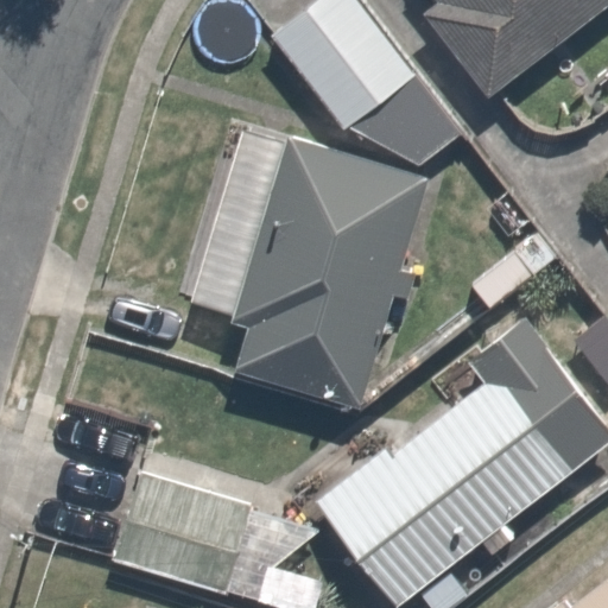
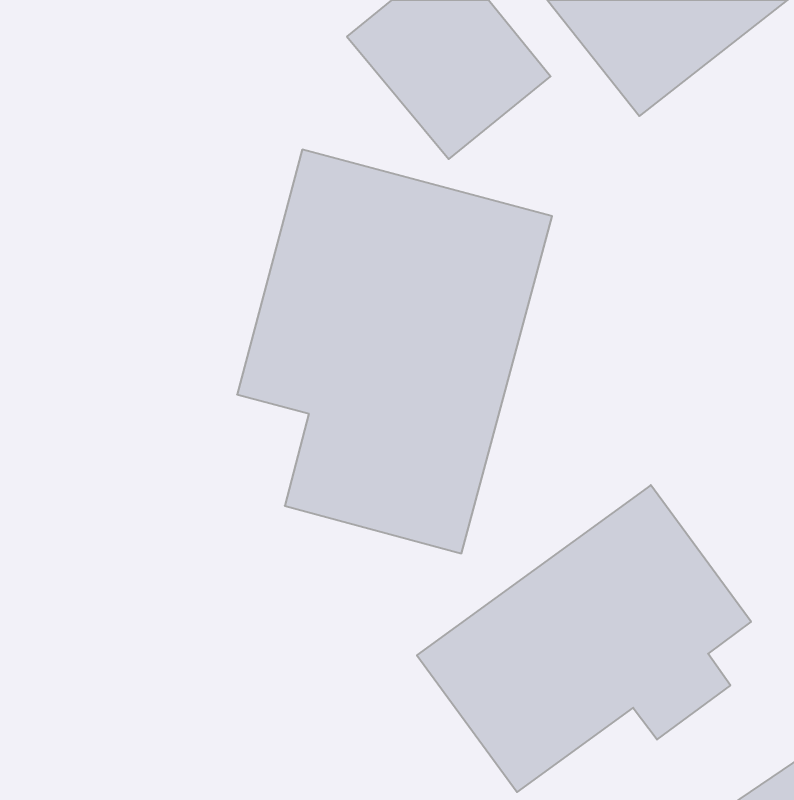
building: [116,454,267,600] -> none

